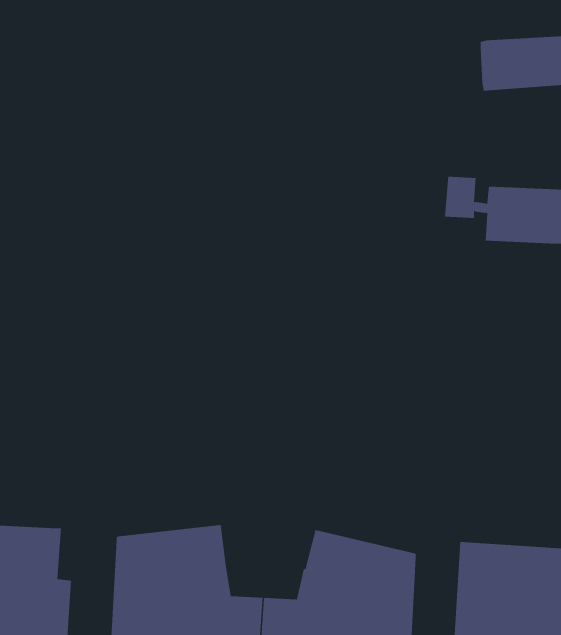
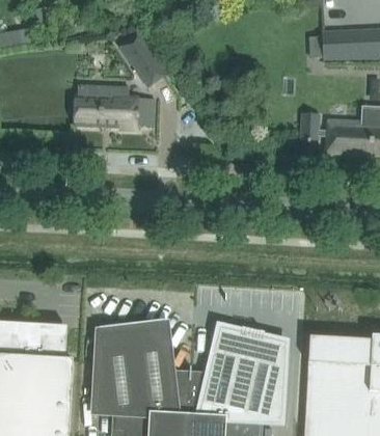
building: none -> [118,30,169,87]
building: none -> [74,86,155,129]

